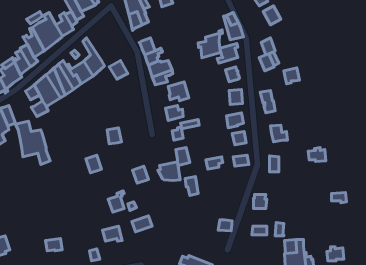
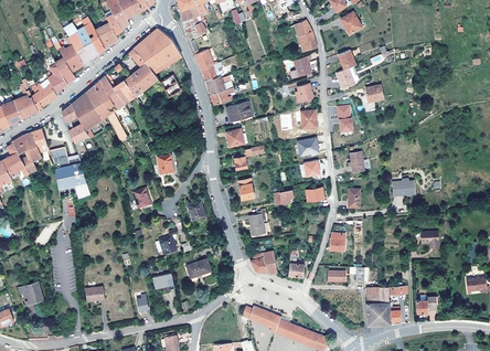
building: none -> [132,29,181,76]
building: [198,30,223,58] -> none
building: [158,162,180,181] -> [249,252,276,274]

